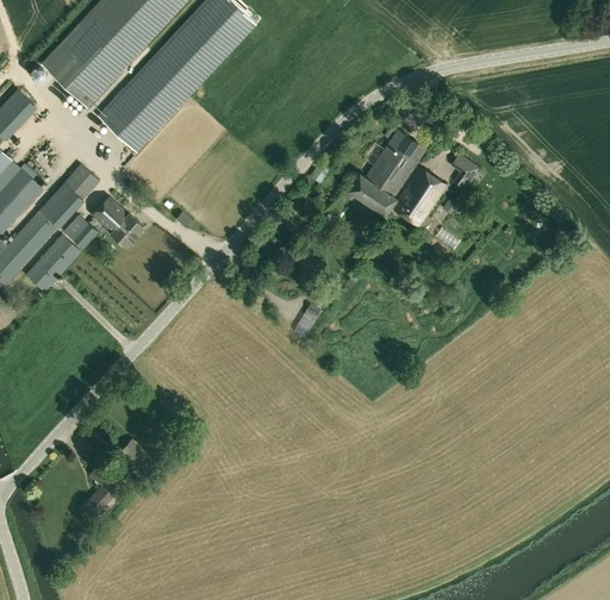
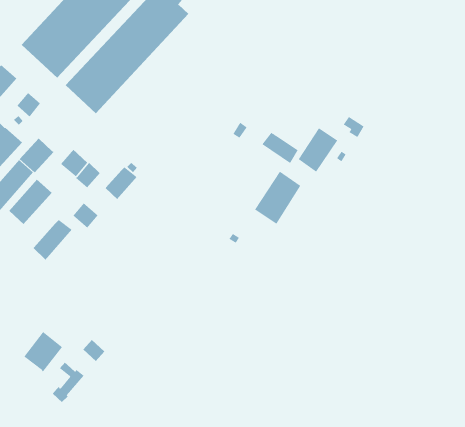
building: [366,129,425,196] -> [254,171,301,224]
building: [66,165,97,198] -> [17,92,41,118]
building: [64,214,98,248] -> [72,202,99,229]
building: none -> [104,166,137,200]
building: none -> [32,219,73,260]
building: none -> [24,331,63,372]

